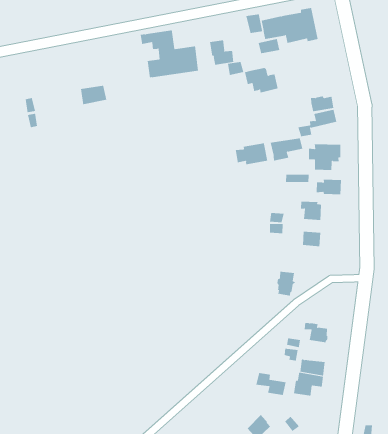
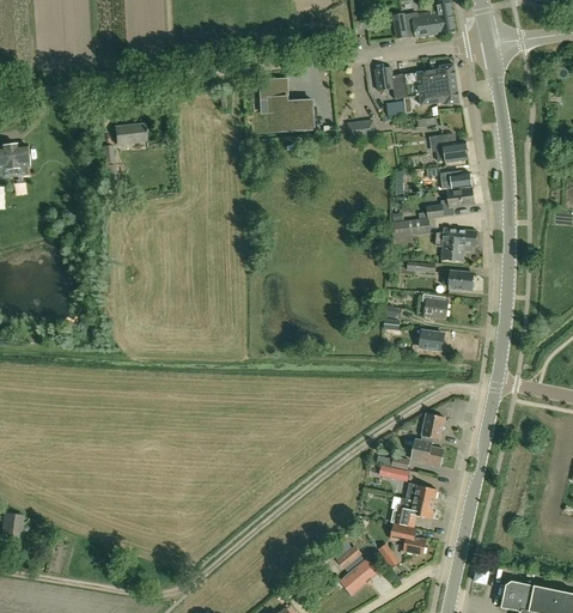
building: [210,40,234,66] -> none
building: [244,67,278,93] -> [428,133,468,163]
building: [80,85,107,105] -> [115,123,146,145]
building: [235,142,268,165] -> none
building: [277,271,296,296] -> [421,413,444,444]
building: [256,372,286,395] -> [390,524,427,554]

